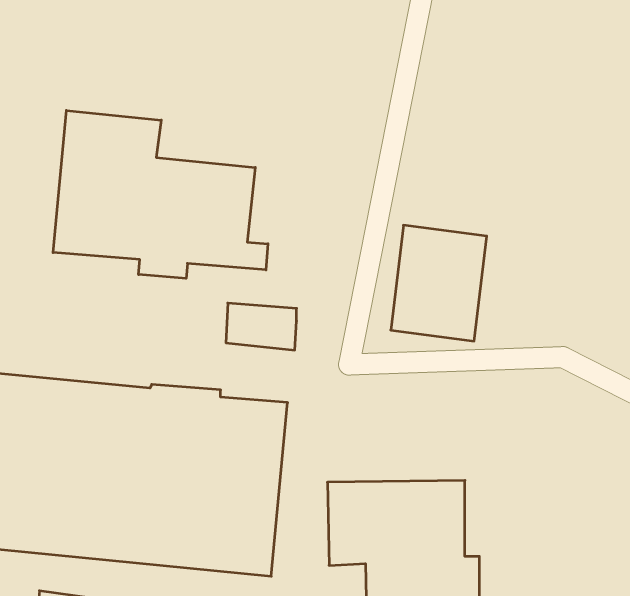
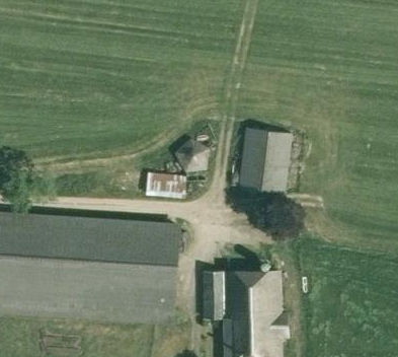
building: [53,110,268,278] -> none
building: none -> [174,139,210,173]

